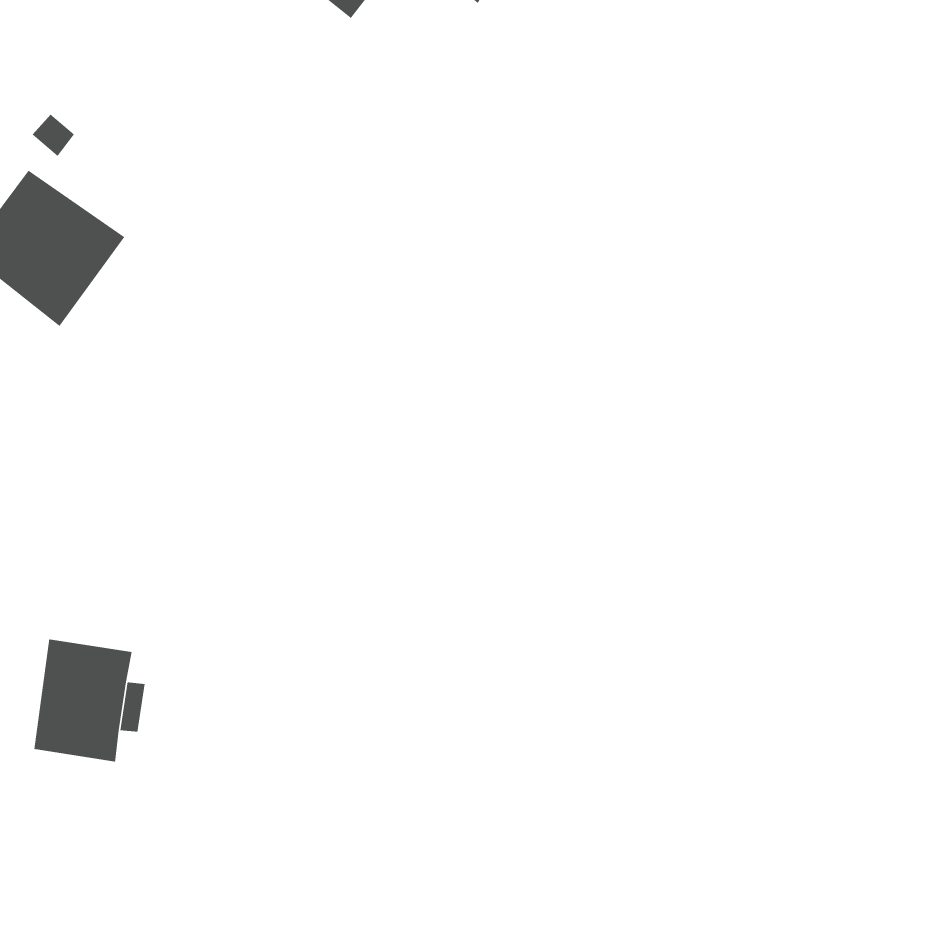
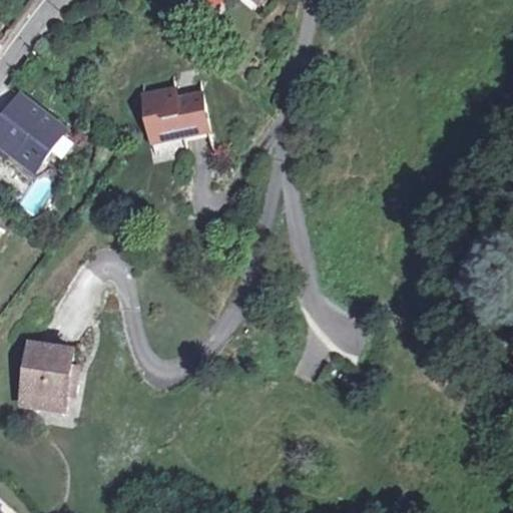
building: none -> [138,84,206,140]

